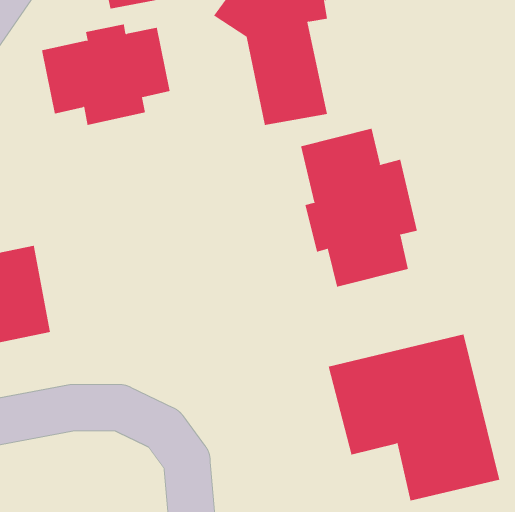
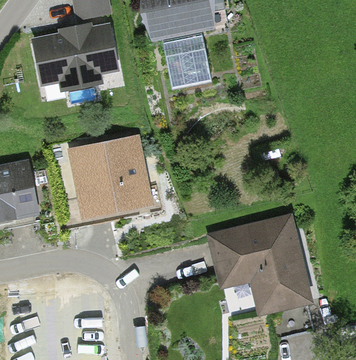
building: [300,128,417,288] -> none
building: none -> [68,134,153,220]

